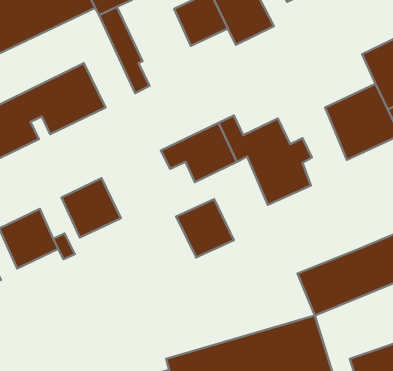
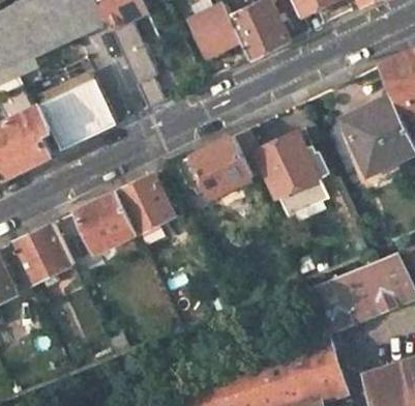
building: [176,199,234,258] -> [115,175,173,234]

